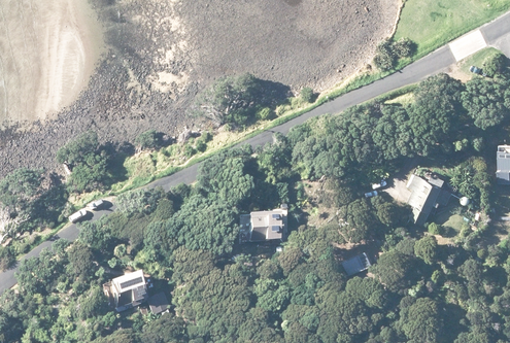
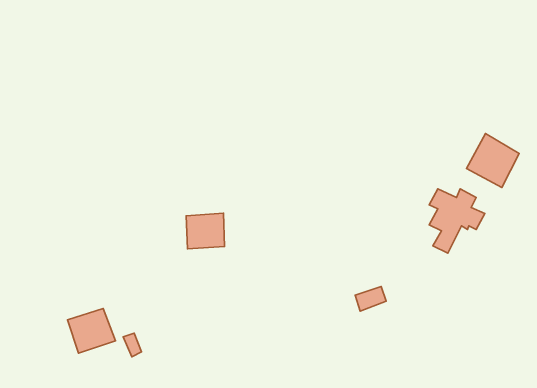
building: none -> [467,134,519,187]
building: [246,211,278,241] -> [186,213,225,249]

